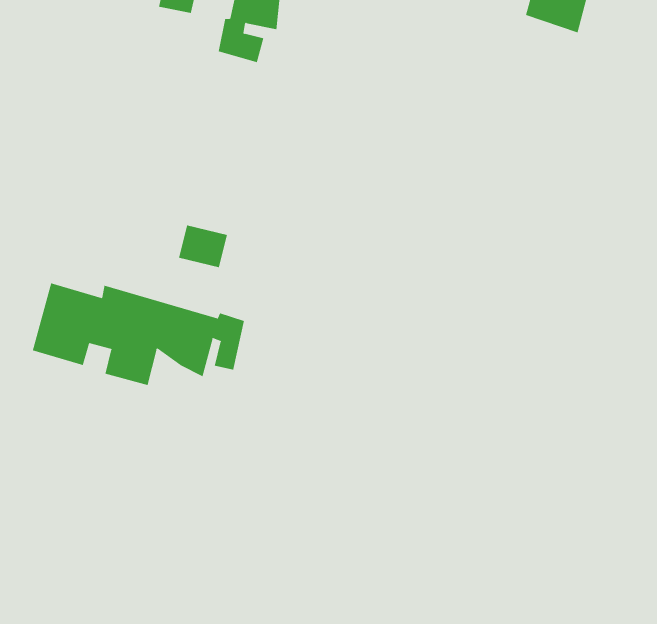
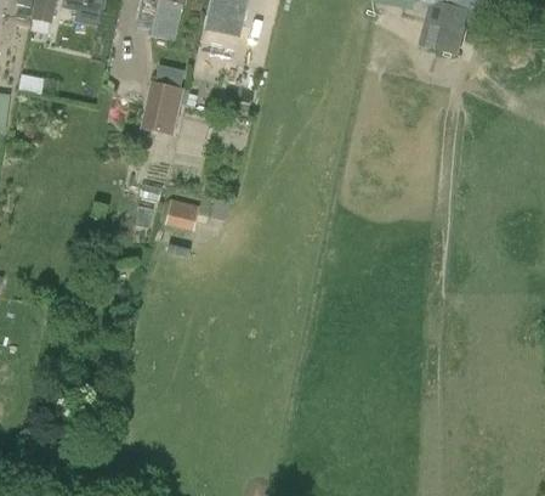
building: none -> [140,80,188,135]
building: [32,282,244,386] -> none

